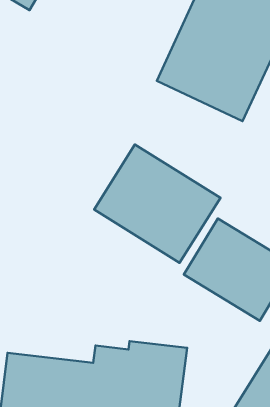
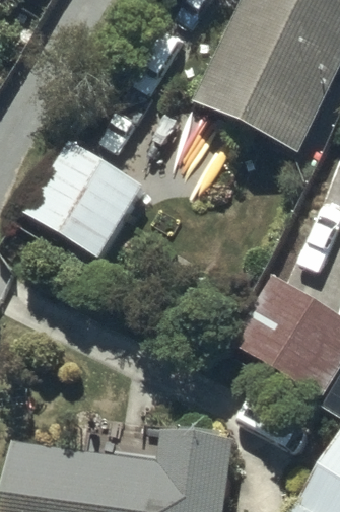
building: none -> [23,135,145,258]
building: [94,145,220,263] -> none

